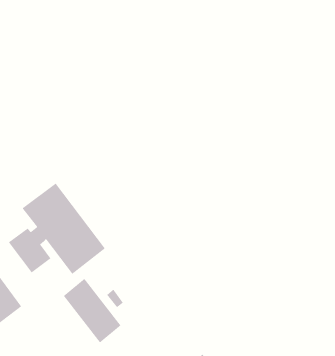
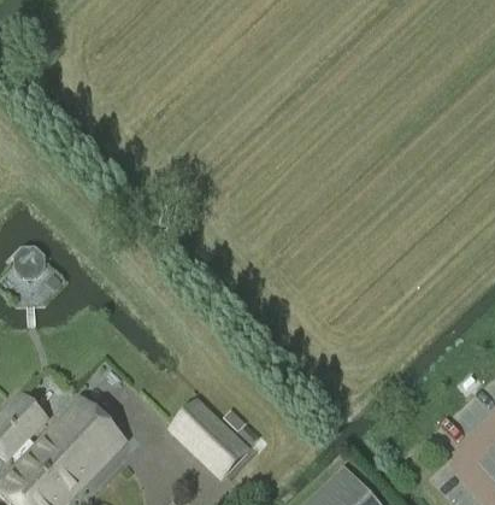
building: [8,183,106,275] -> none

